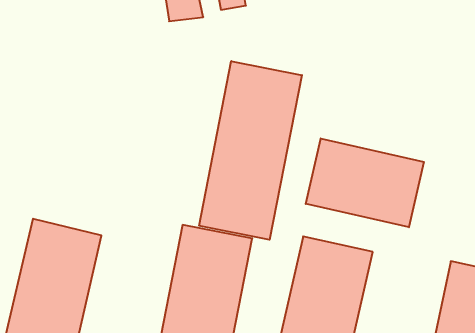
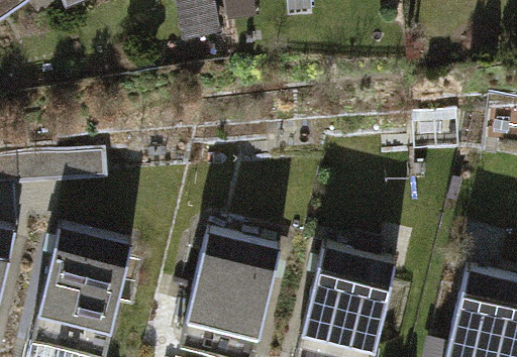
building: [199,61,302,240] -> none
building: [306,138,424,227] -> none

